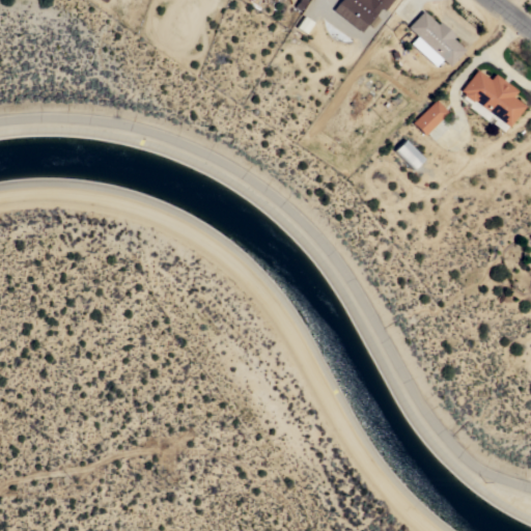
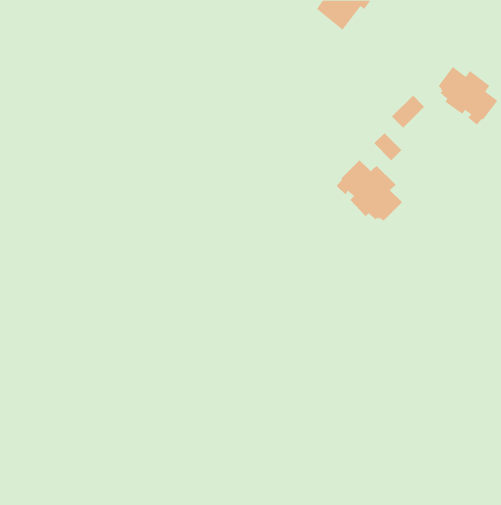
building: [410,10,467,65] -> none
building: none -> [336,159,403,221]

